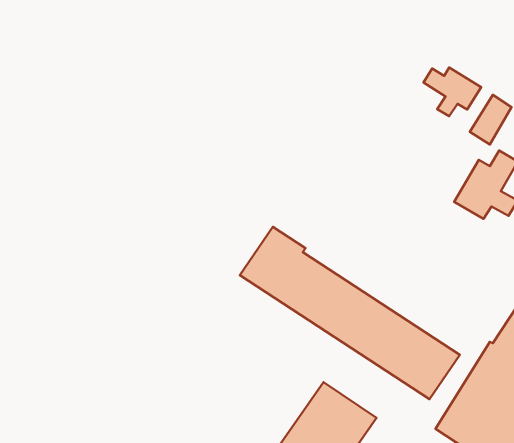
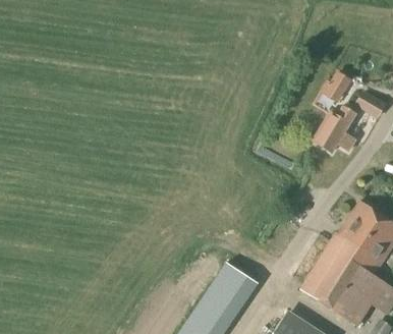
building: [423,68,481,116] -> none
building: [240,227,460,399] -> none

